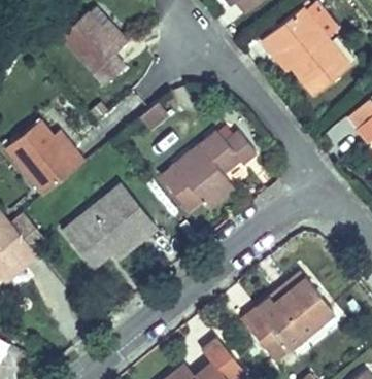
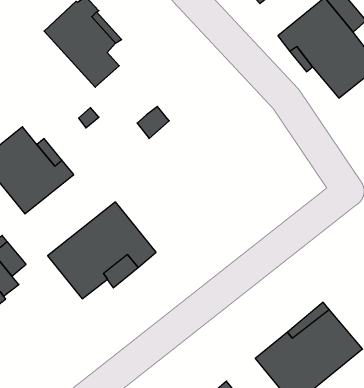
building: [161,130,257,211] -> none

